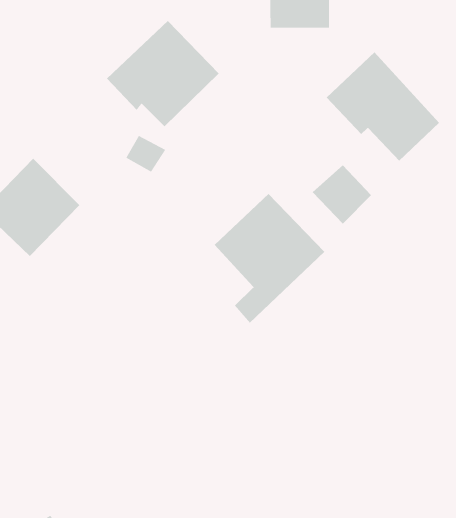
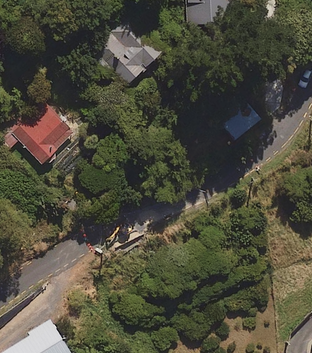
building: [326,51,440,162] -> none
building: [214,193,325,324] -> none

